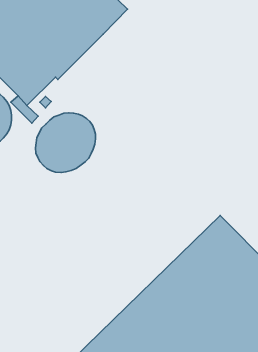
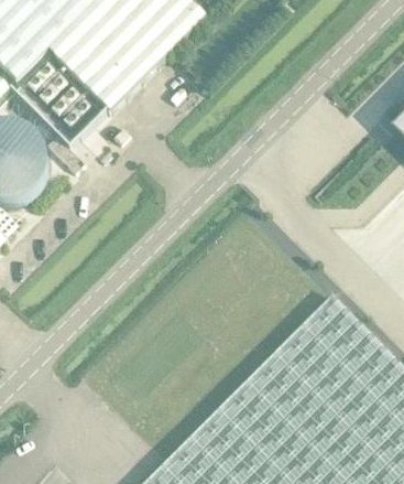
building: [35,113,96,173] -> none

